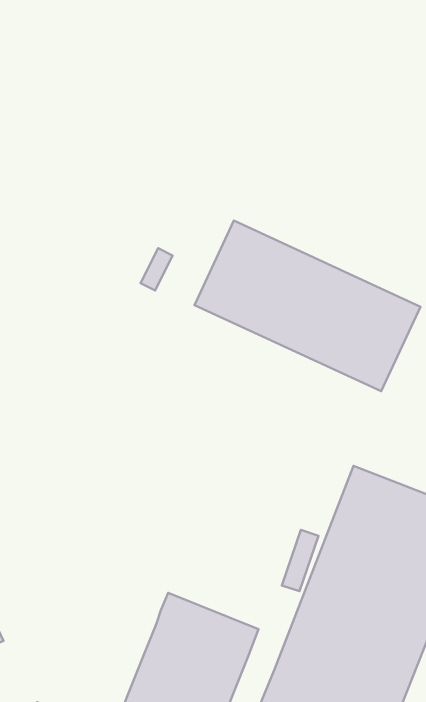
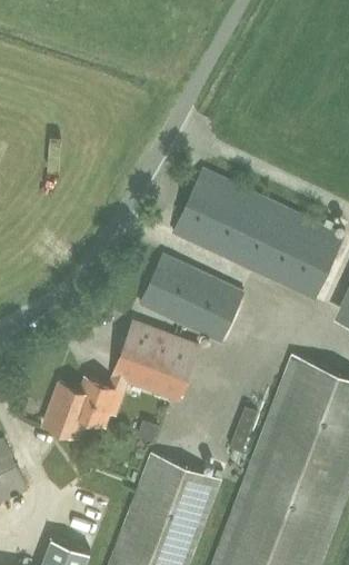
building: none -> [139,254,243,343]
building: none -> [43,321,198,435]

